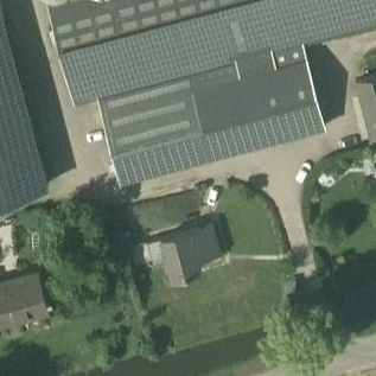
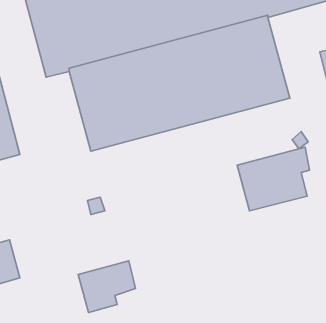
building: none -> [237,147,310,211]
building: [159,228,218,281] -> [78,261,136,313]

